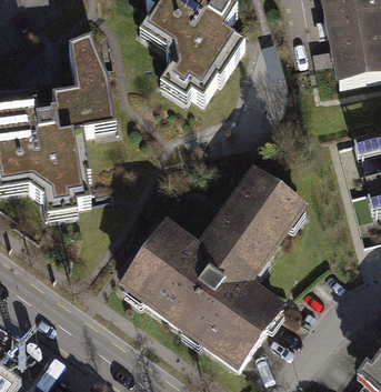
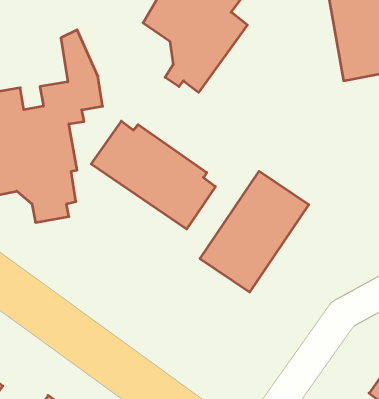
building: none -> [91,121,215,229]
building: [120,230,280,373] -> none

